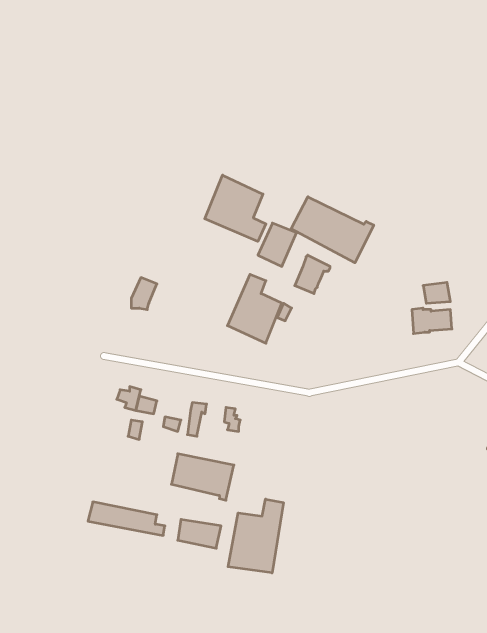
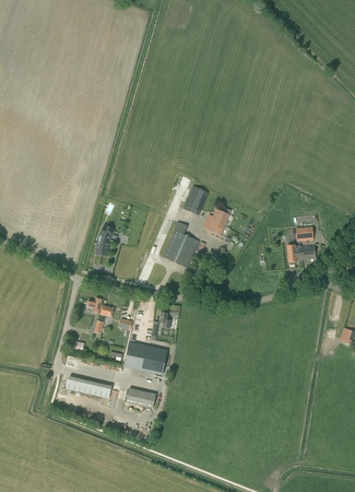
building: [205,175,266,241] -> none
building: [291,197,374,263] -> none
building: [228,499,283,573] -> none

